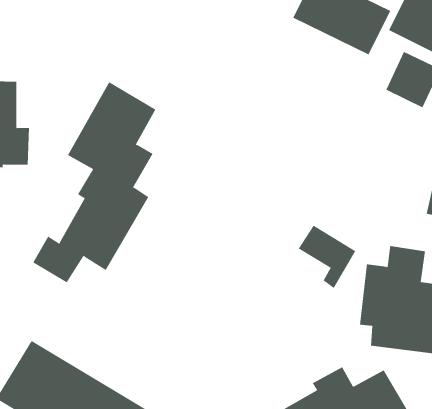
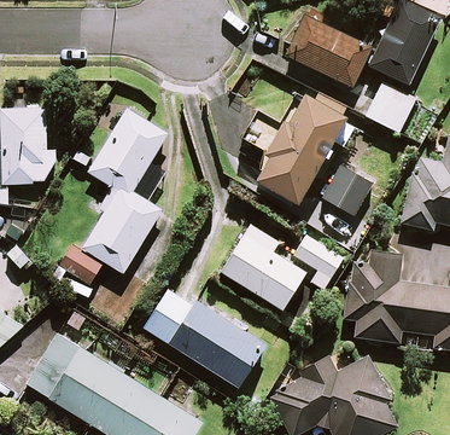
building: none -> [244,89,347,202]
building: none -> [322,166,372,214]
building: none -> [222,225,306,309]
building: none -> [146,292,264,385]

